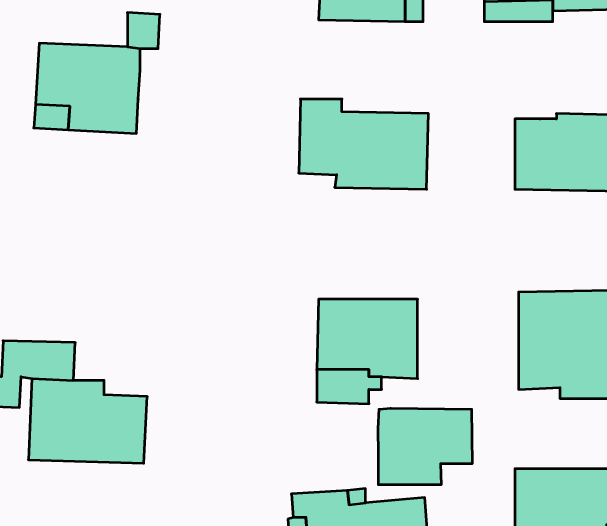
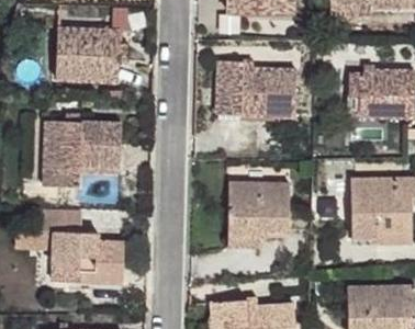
building: none -> [42,121,121,185]
building: [378,408,472,485] -> none

